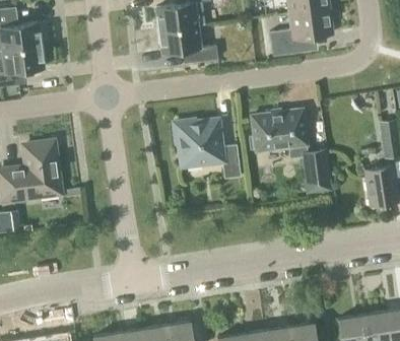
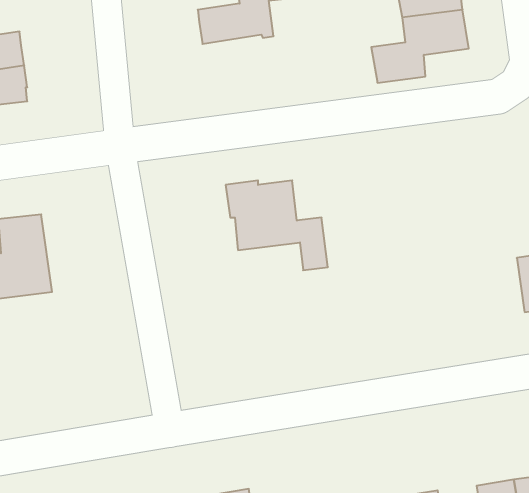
building: [158,24,218,62] -> none
building: [248,110,331,193] -> none

